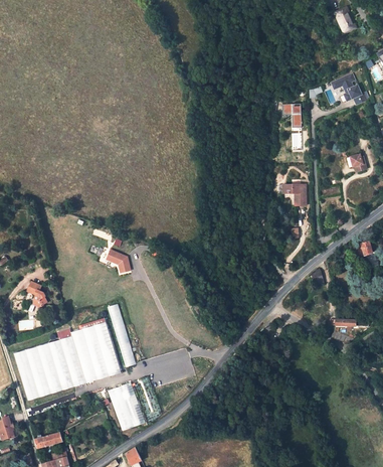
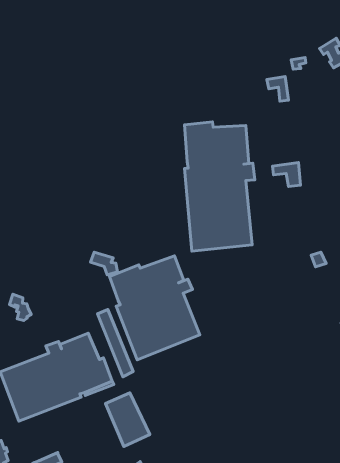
building: none -> [184,122,255,251]
building: none -> [109,256,200,360]

